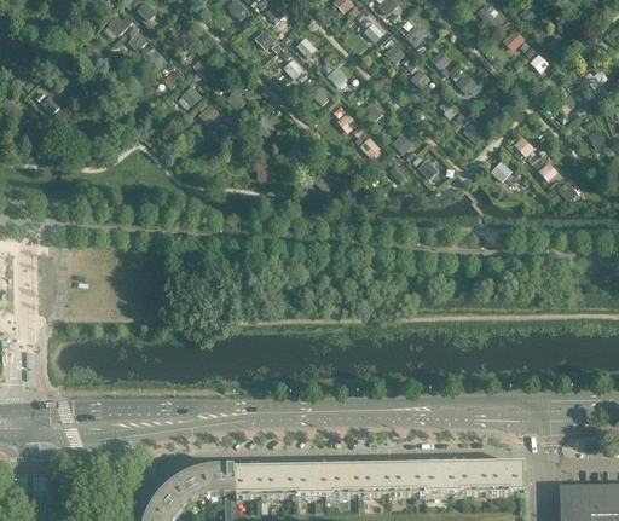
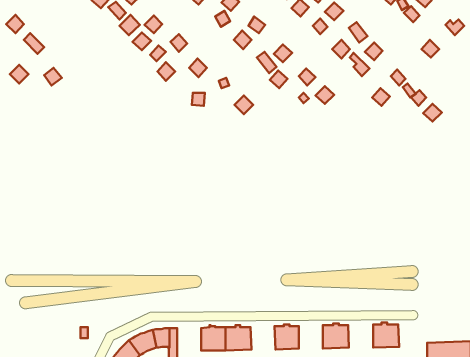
building: [456,463,488,494] -> none
building: [329,464,361,497] -> none
building: [392,464,423,496] -> none
building: [233,467,265,499] -> none

